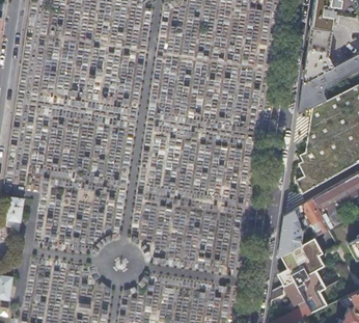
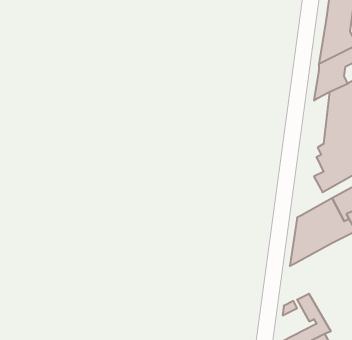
building: [277,238,326,314] -> none

